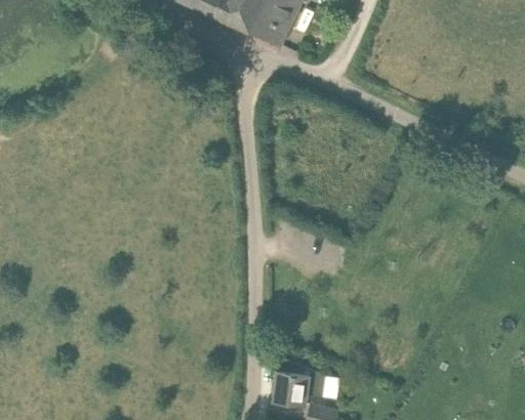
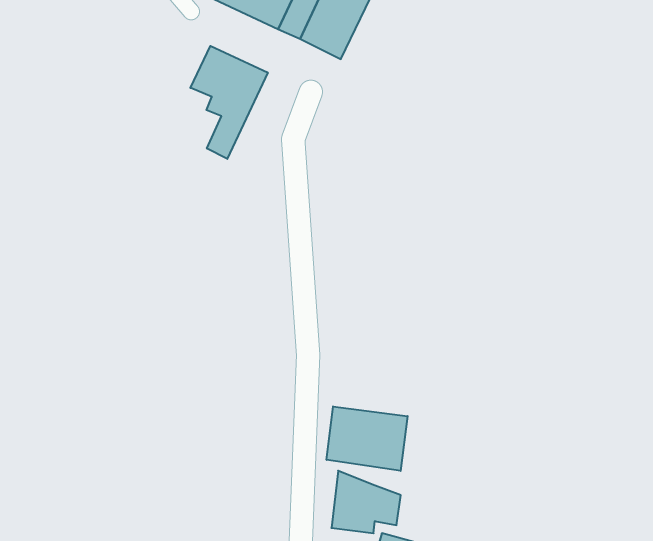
building: none -> [190,46,268,159]
building: none -> [327,406,408,471]

